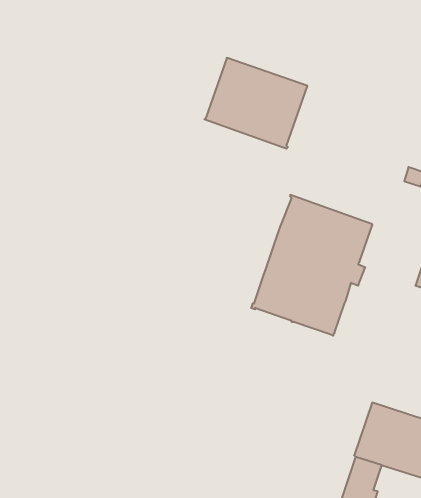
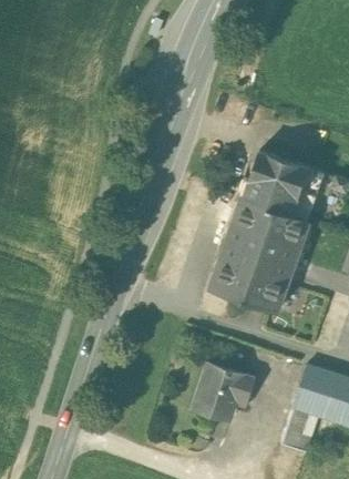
building: [204,58,307,149] -> [240,151,322,223]
building: none -> [193,363,255,421]

